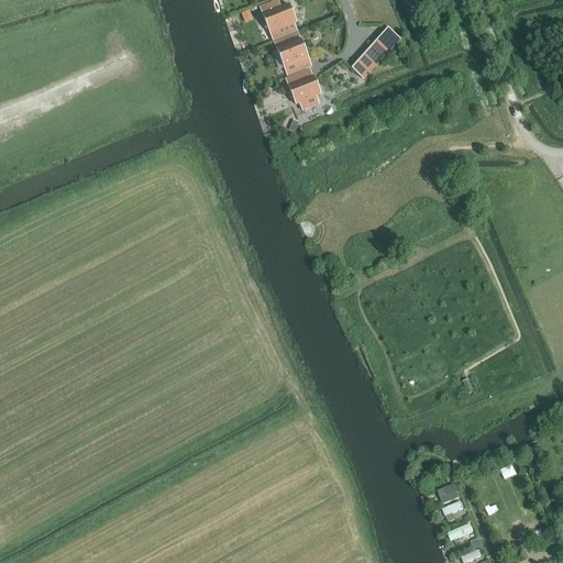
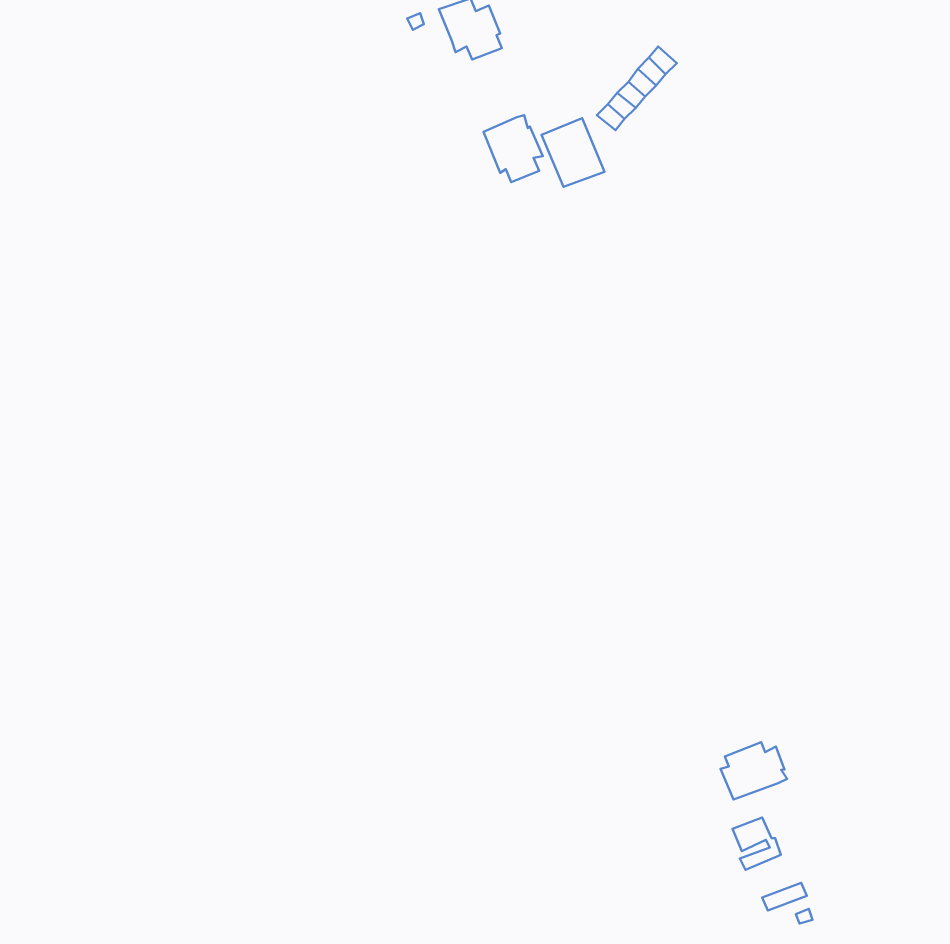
building: [274,32,311,73] -> [541,118,605,187]
building: none -> [721,742,787,800]

